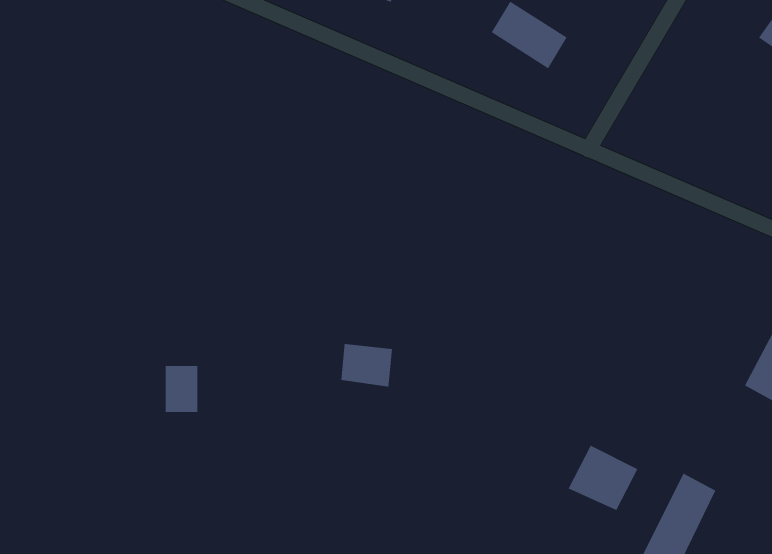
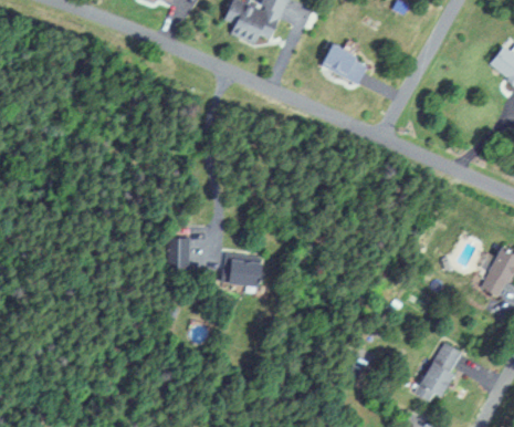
building: [165,365,198,413] -> [170,237,191,267]
building: [568,445,638,511] -> none

